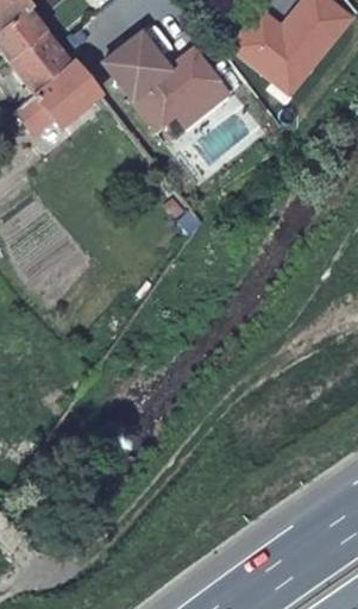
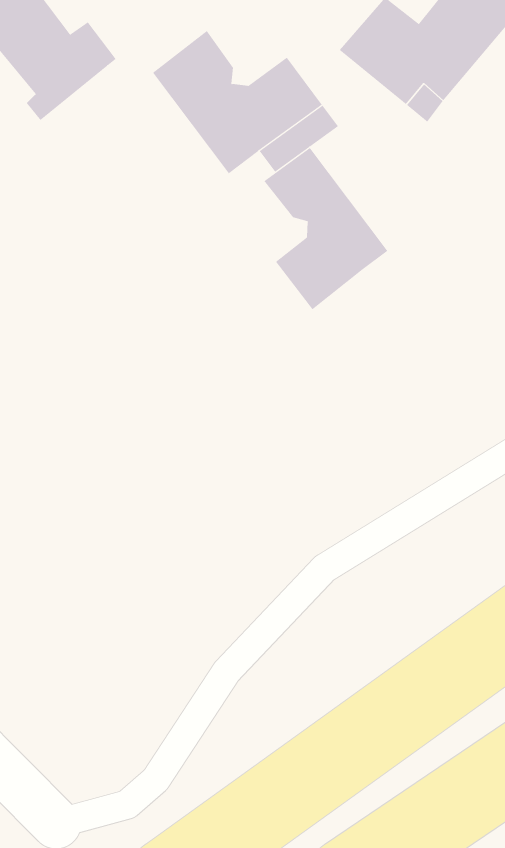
building: [18,56,100,125] -> none
building: none -> [264,147,388,310]

